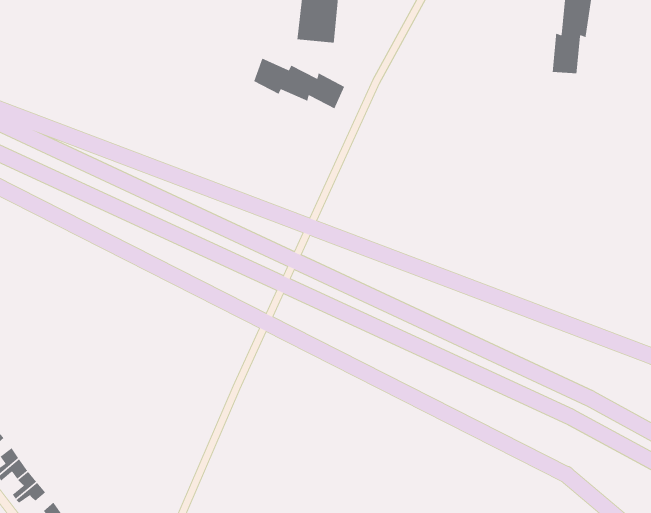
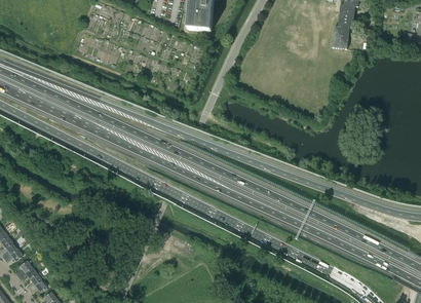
building: [253,58,345,110] -> none

